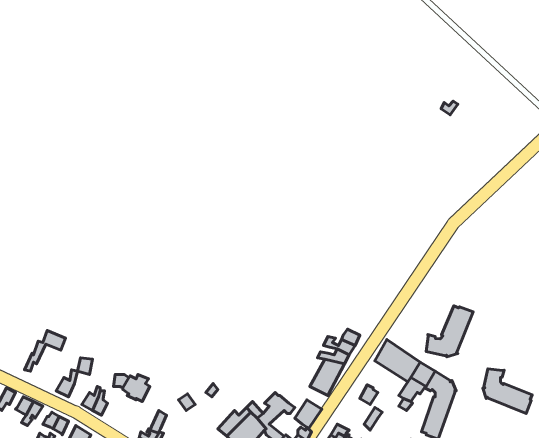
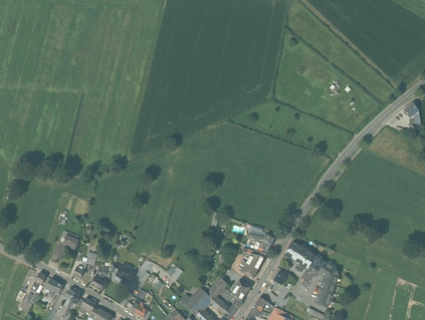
building: [426,306,473,357] -> none
building: [483,369,532,413] -> none

